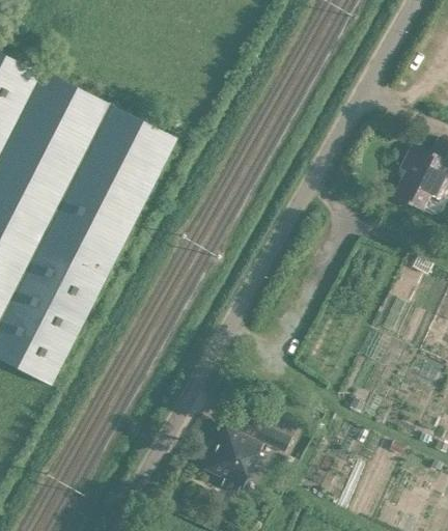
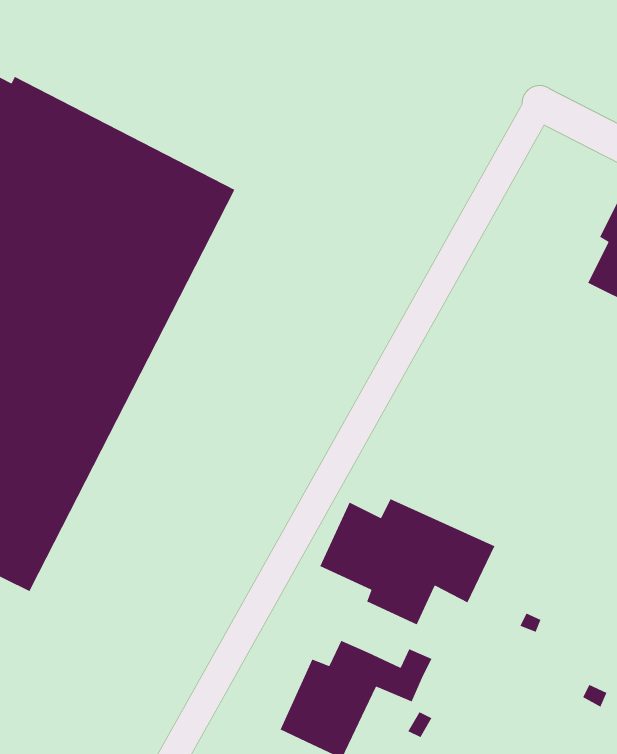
building: none -> [319,498,495,626]

